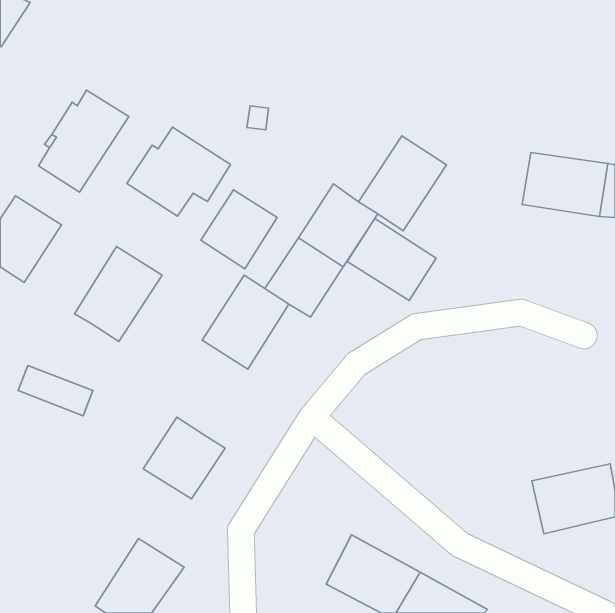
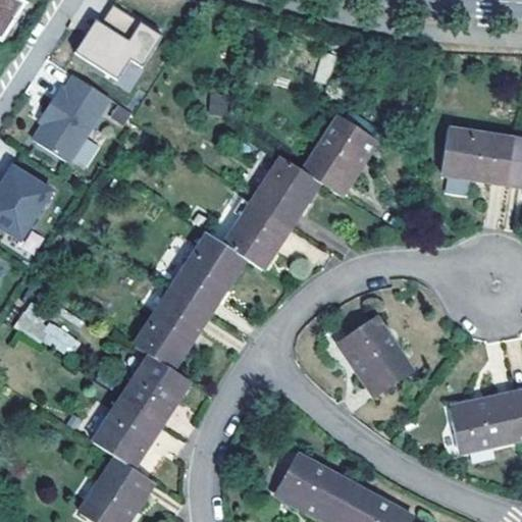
building: [127,127,230,216] -> [73,5,161,81]
building: [201,190,277,269] -> none
building: [347,218,436,301] -> none
building: [74,246,162,341] -> [136,289,210,369]
building: none -> [340,318,414,397]
building: none -> [93,398,162,467]

